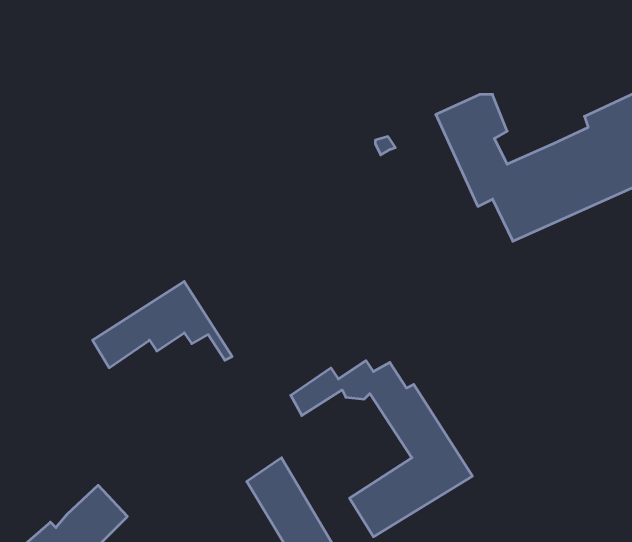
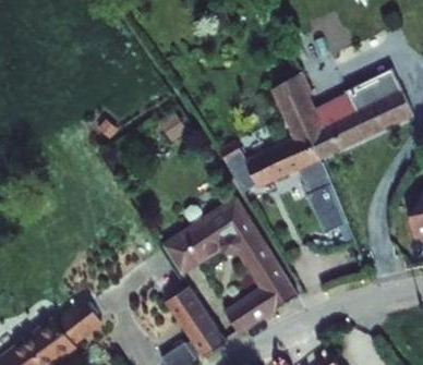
building: none -> [218,134,347,226]
building: [93,281,232,368] -> [179,199,262,251]

